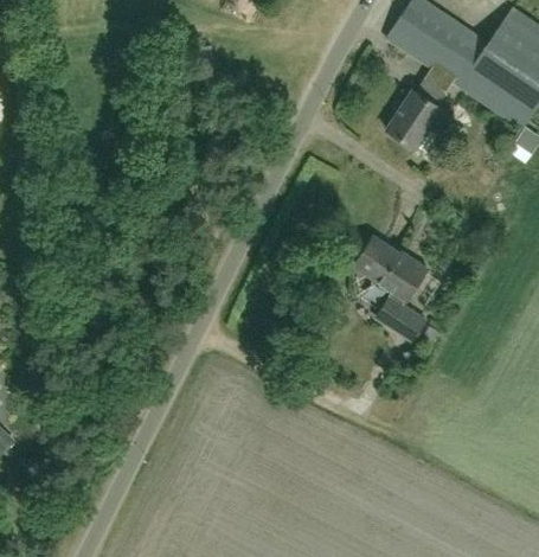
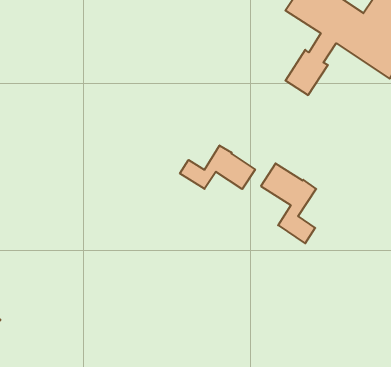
building: none -> [180,145,255,189]

